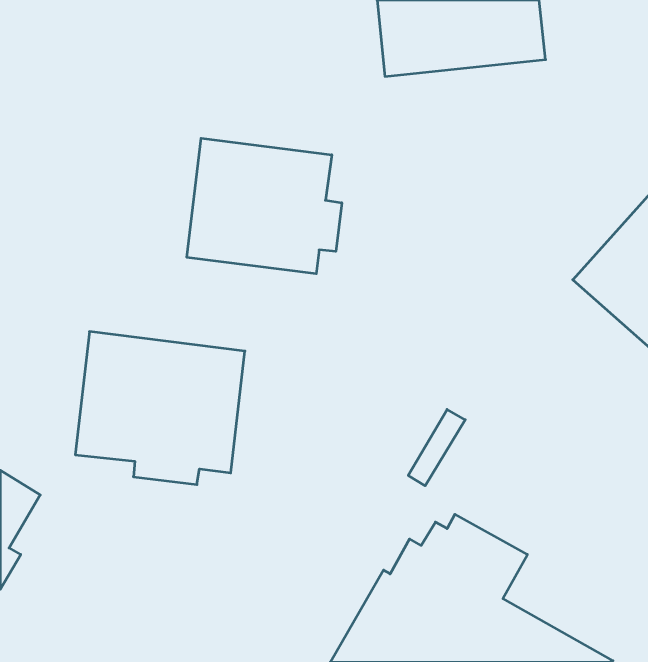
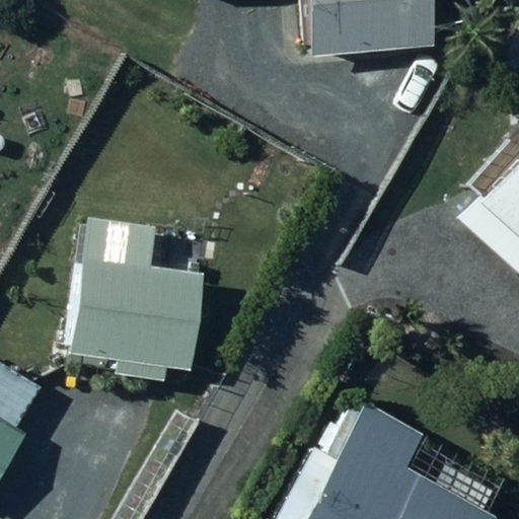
building: [187,138,342,274] -> none

